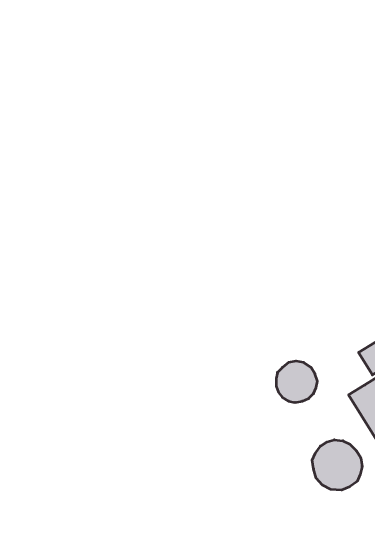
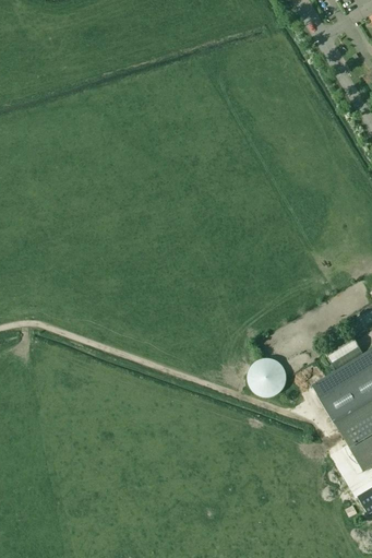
building: [312,440,362,490] -> none

